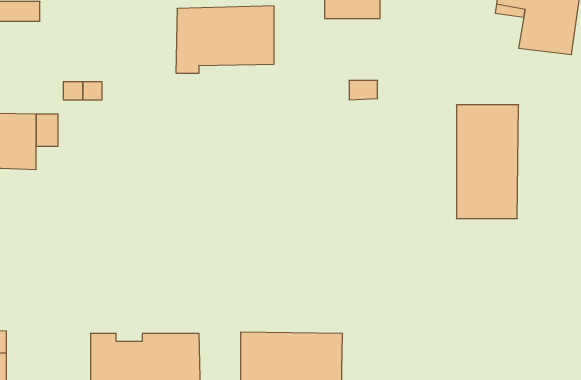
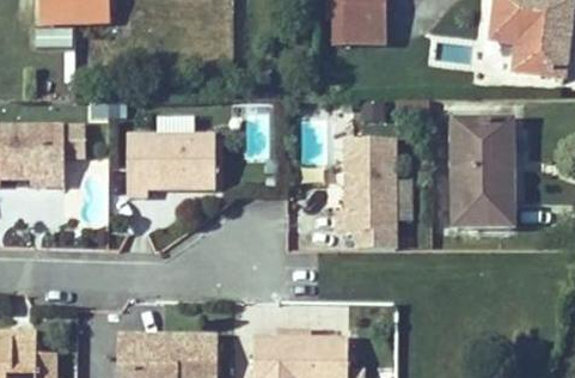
building: [176,6,274,73] -> [128,136,219,199]
building: none -> [335,140,393,231]

